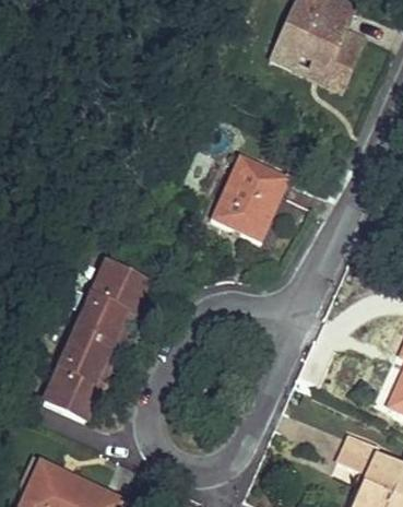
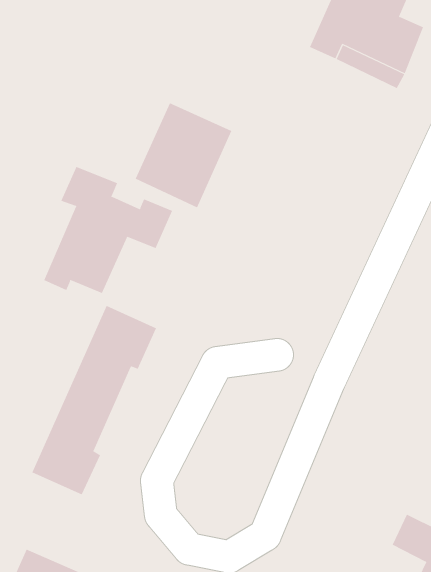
building: none -> [43,166,173,294]
building: [210,155,289,241] -> [135,103,232,208]

